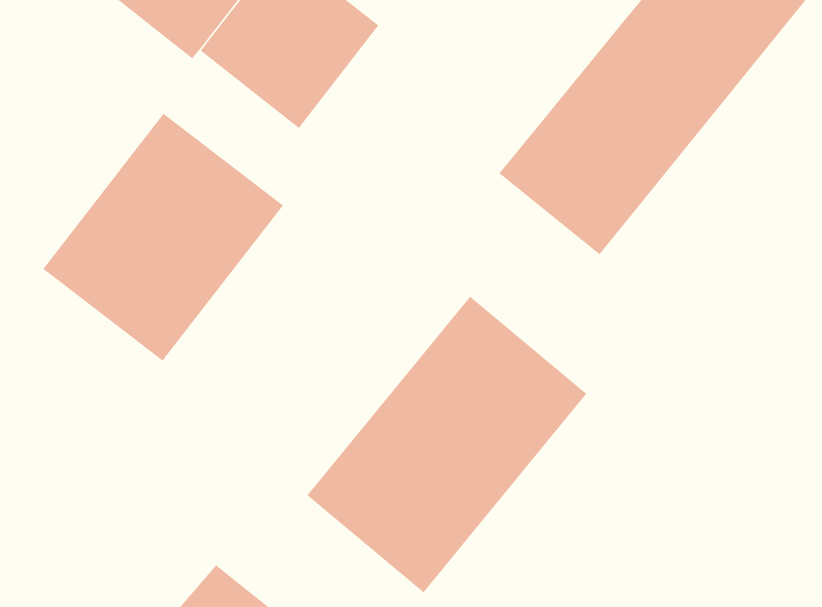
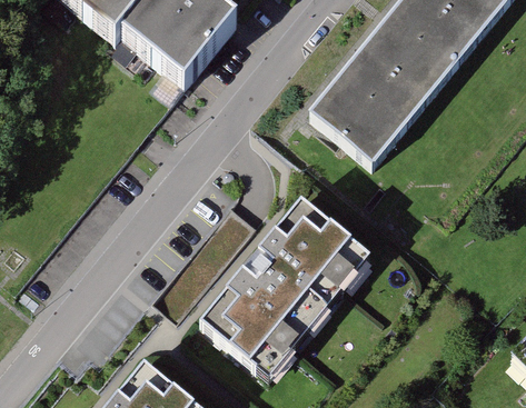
building: [42,113,284,361] -> none

